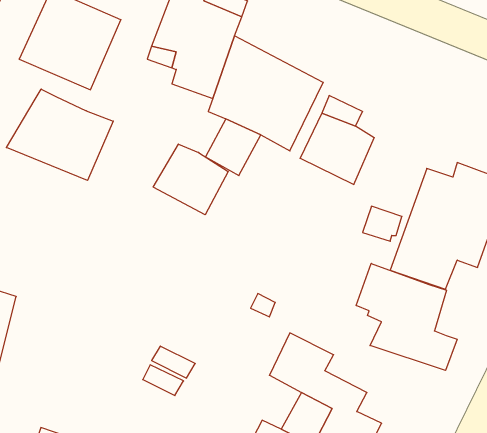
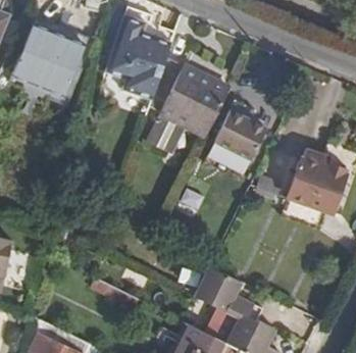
building: [6,89,113,180] -> none
building: [153,144,228,215] -> none
building: [356,263,457,370] -> none

